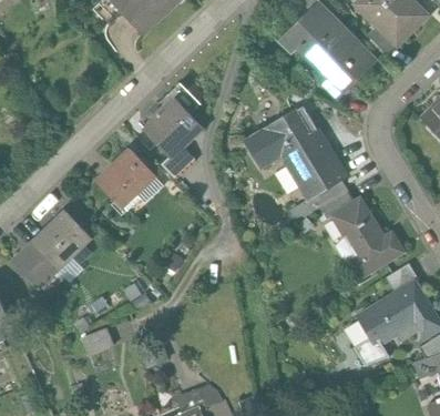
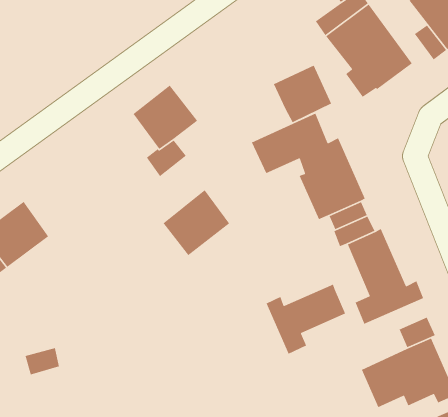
building: none -> [273,65,332,123]
building: [99,150,154,206] -> [162,189,230,256]
building: none -> [266,284,346,355]

